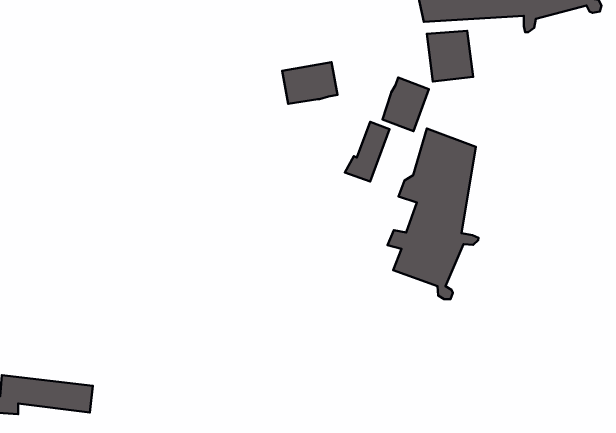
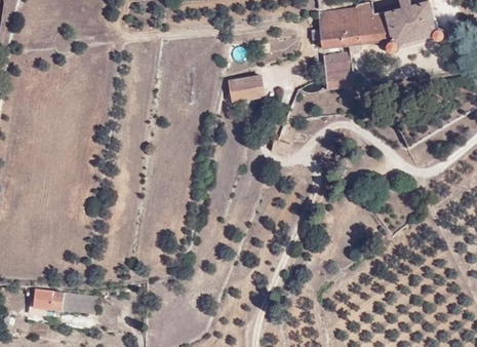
building: [382,78,429,131] -> none
building: [388,129,479,299] -> none

